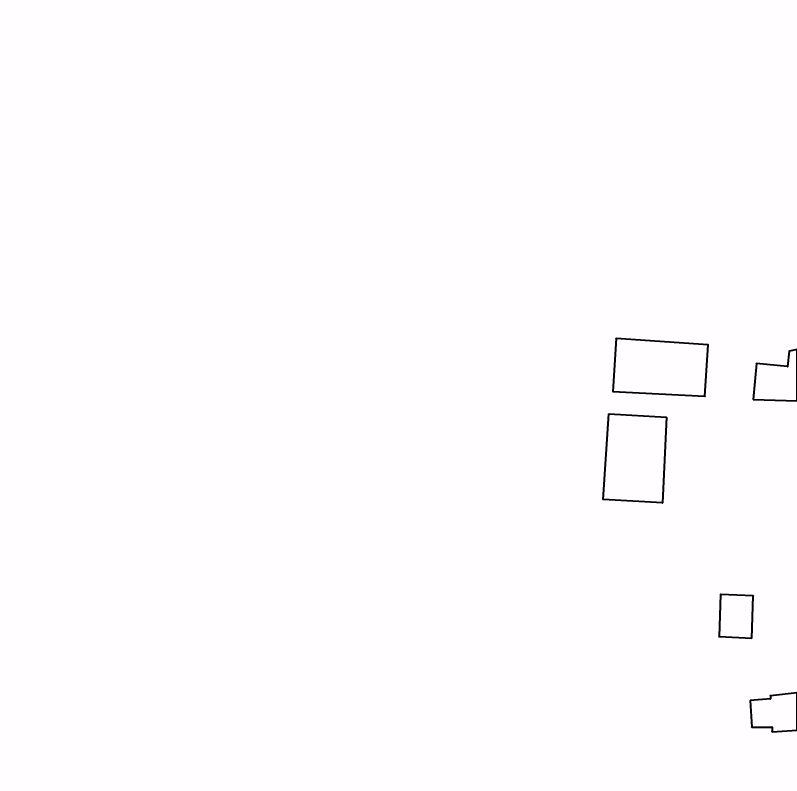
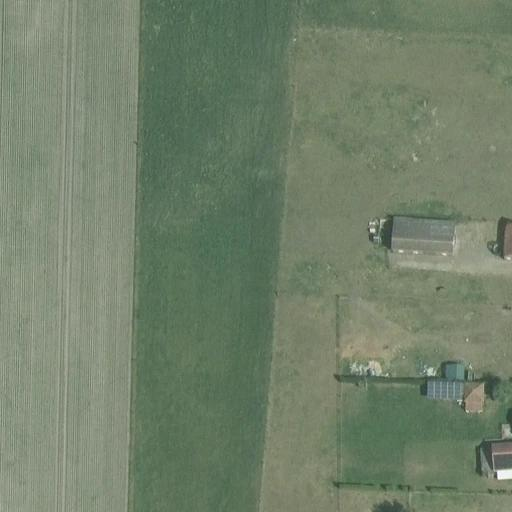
building: [603,414,666,503] -> none
building: none -> [427,380,461,396]

